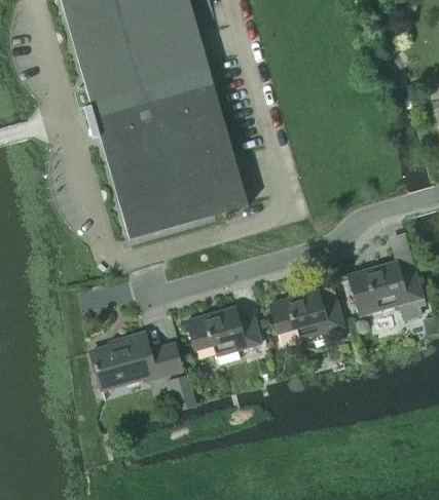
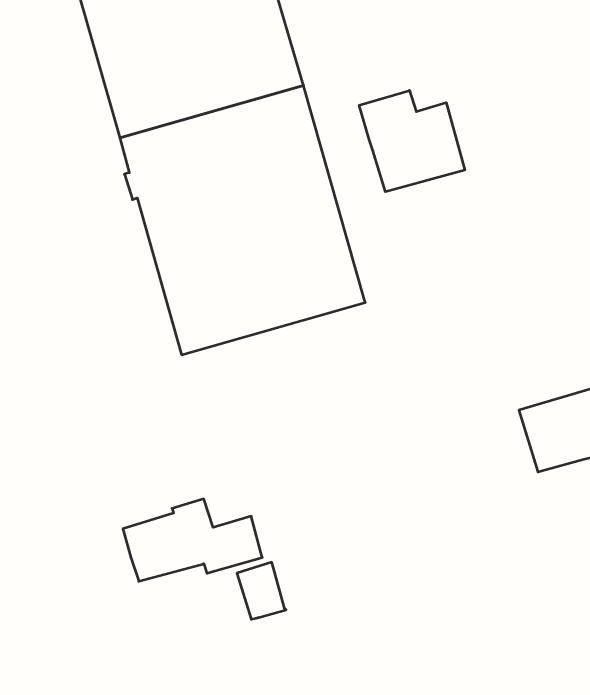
building: none -> [359,90,465,192]
building: [270,290,344,345] -> none
building: [187,306,262,362] -> none

